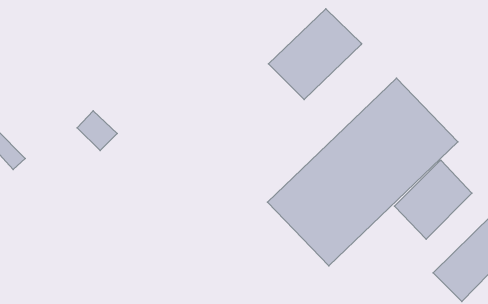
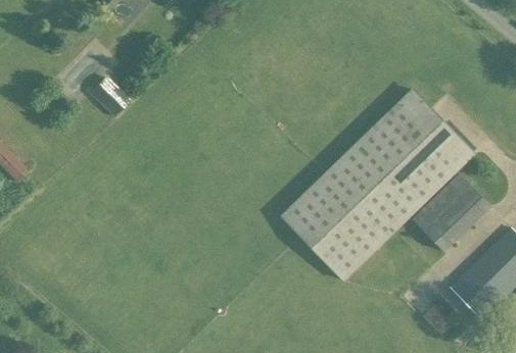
building: [269,9,361,100] -> none
building: [77,111,117,151] -> [93,75,134,116]

